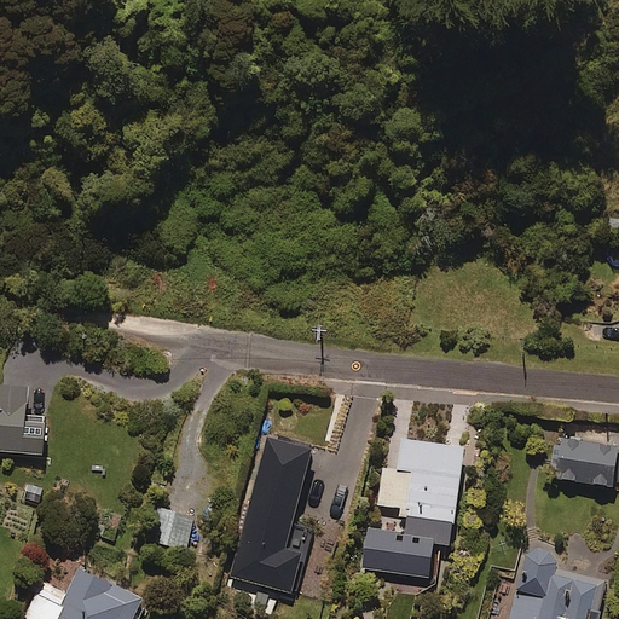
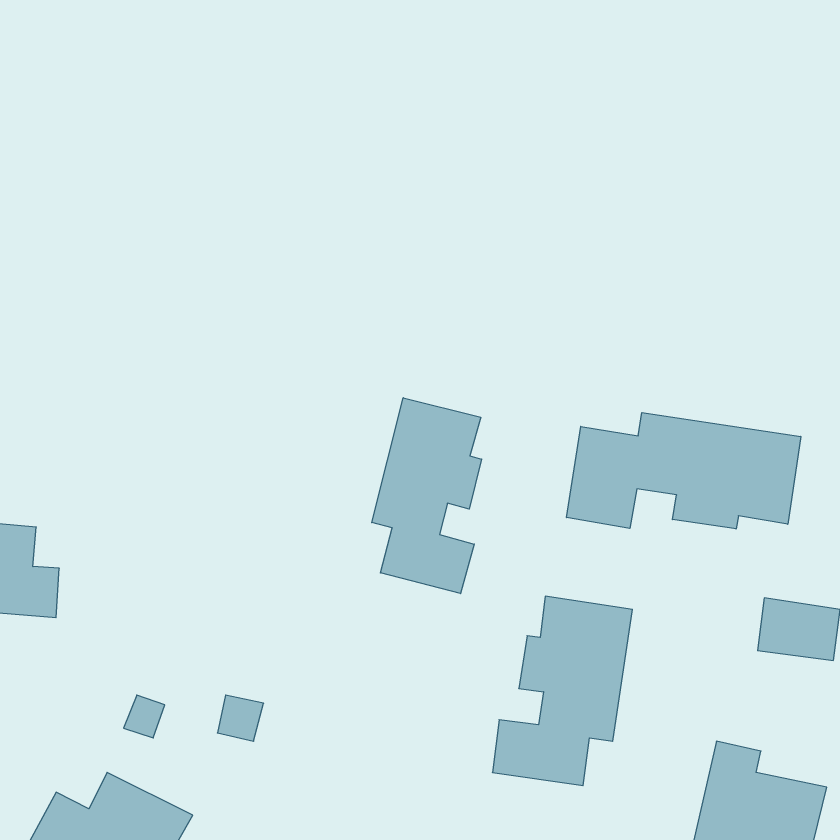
building: none -> [372,398,482,594]
building: none -> [567,413,801,529]
building: [232,439,310,595] -> none

